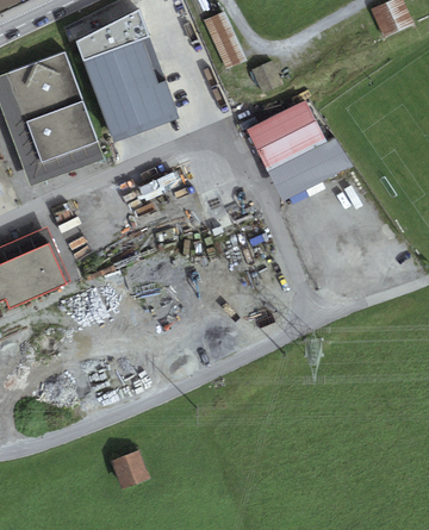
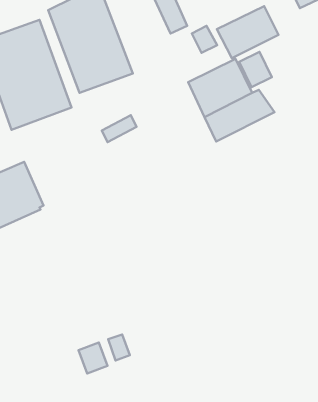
building: none -> [217,6,279,58]
building: none -> [239,52,272,87]
building: none -> [108,334,130,361]

